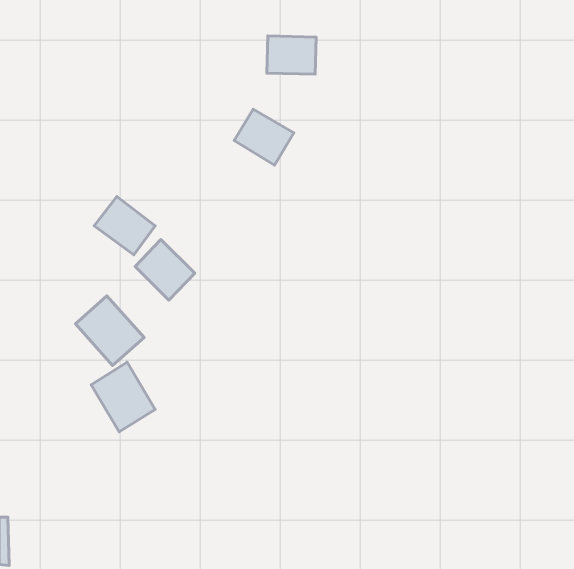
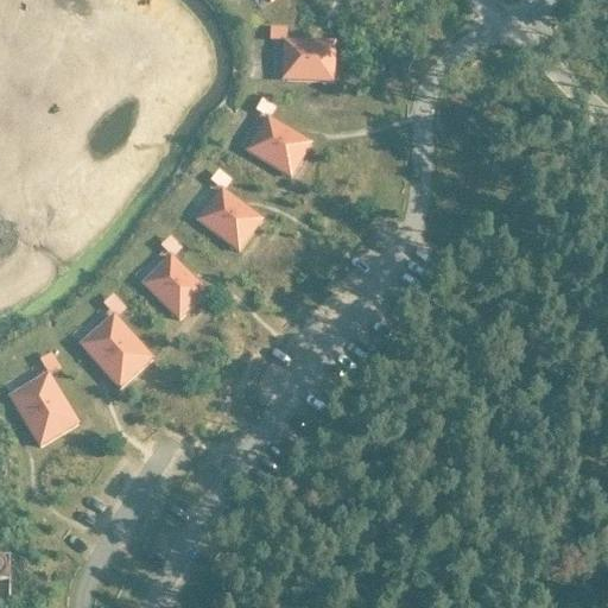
building: [94,196,155,255] -> [197,186,261,248]
building: [91,362,155,432] -> [10,370,77,444]

